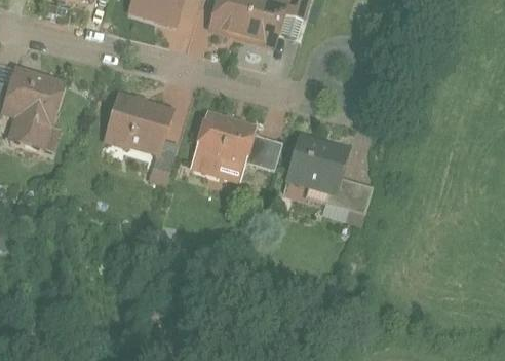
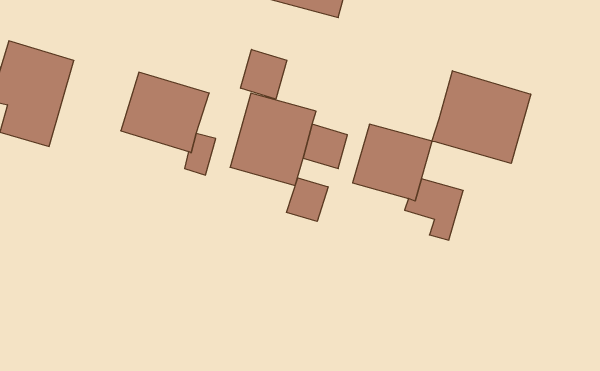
building: none -> [241,49,287,99]
building: none -> [432,71,531,163]
building: none -> [287,178,328,221]

